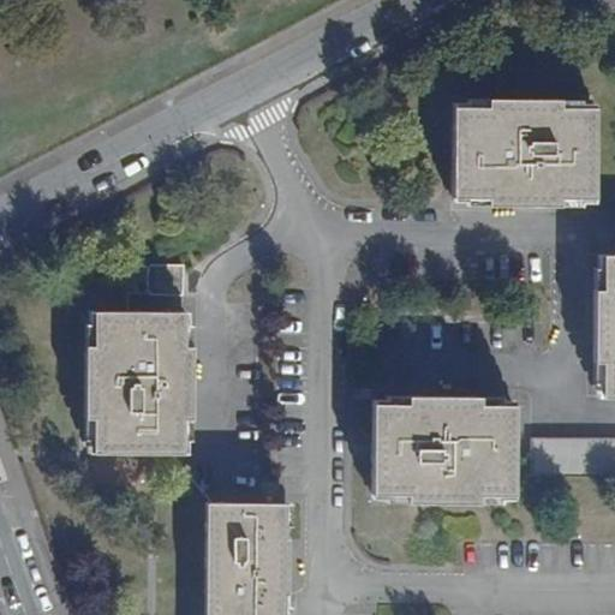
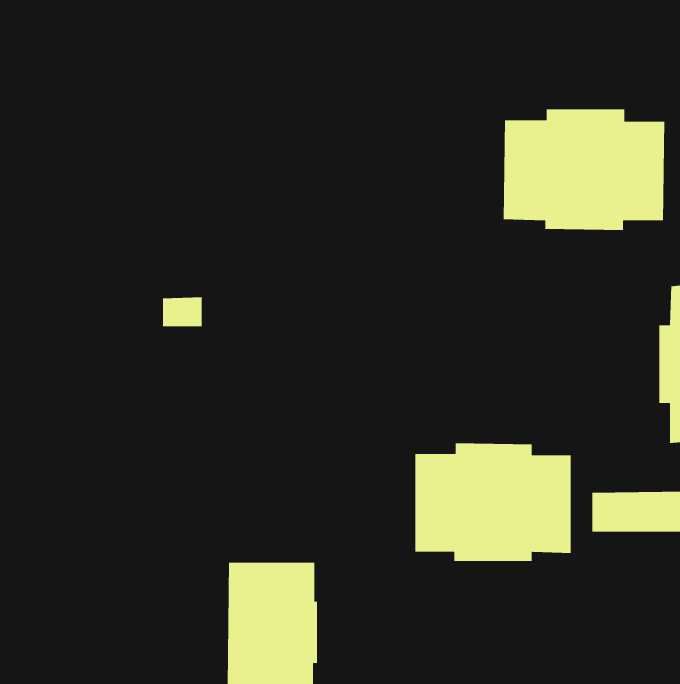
building: [85,311,193,455] -> none

